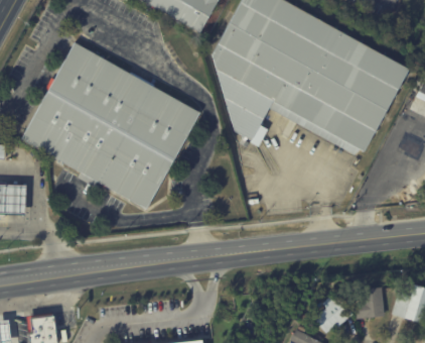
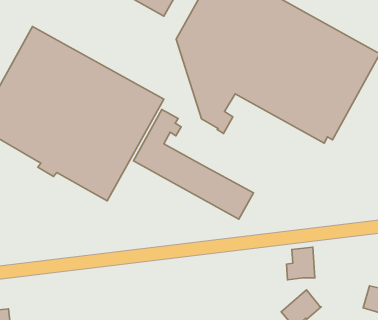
building: none -> [134,109,253,219]
building: [356,285,383,317] -> [286,247,315,280]

